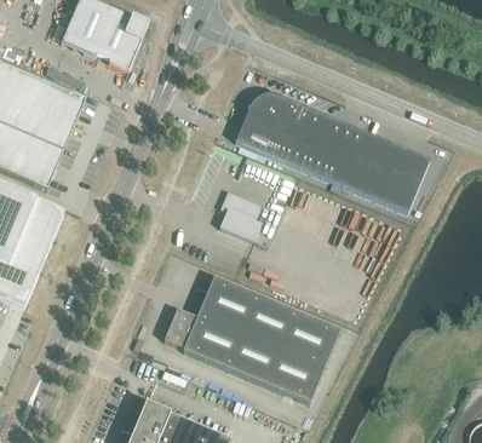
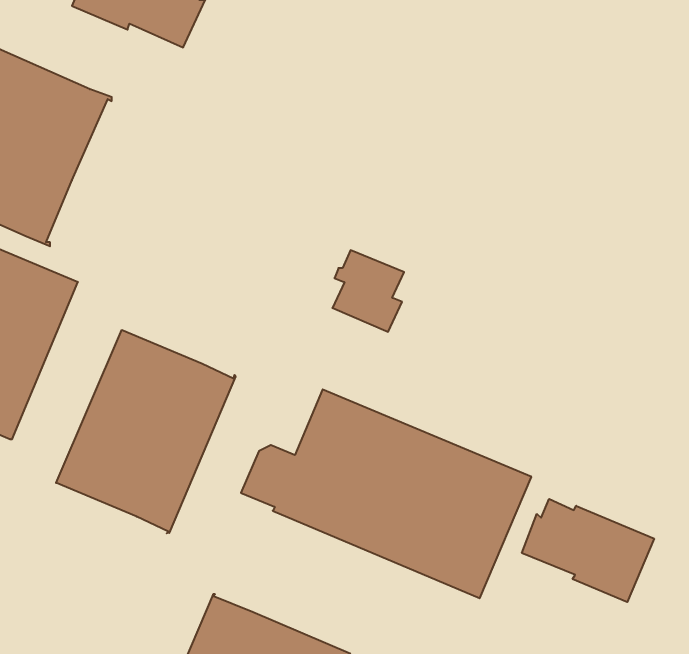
building: [235,93,430,213] -> none
building: none -> [56,330,235,533]
building: none -> [522,499,654,602]

